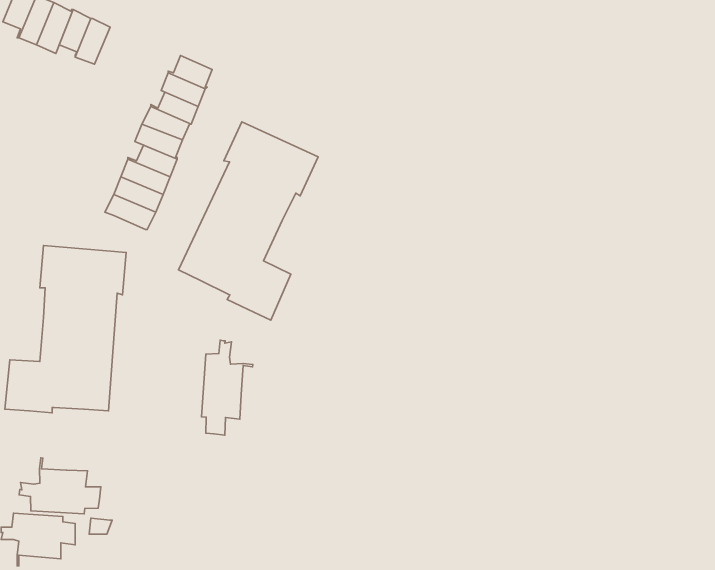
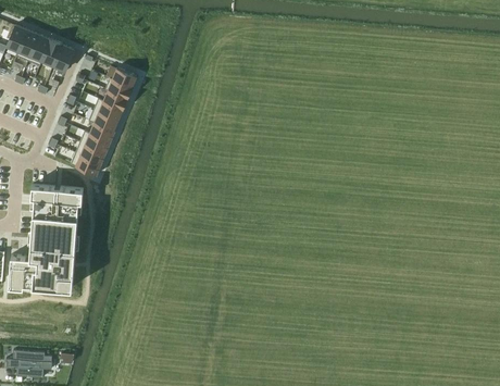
building: [178,122,318,320] -> none
building: [201,340,253,435] -> none
building: [19,458,101,514] -> none

